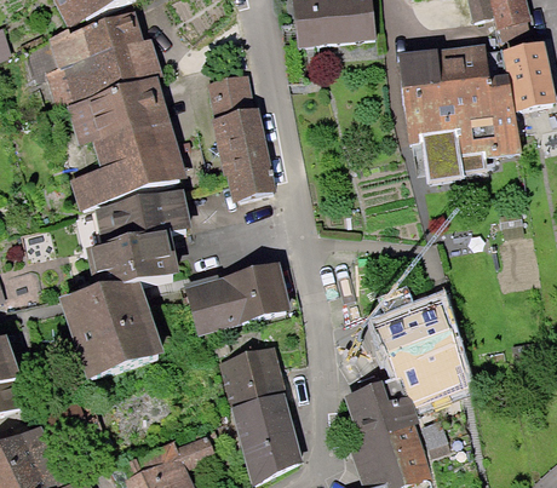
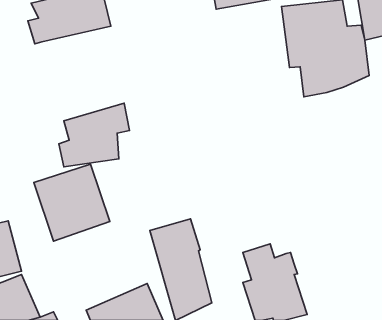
building: [203,73,274,200] -> none
building: [70,92,189,216] -> none
building: [199,270,299,339] -> none
building: [367,288,471,407] -> none

